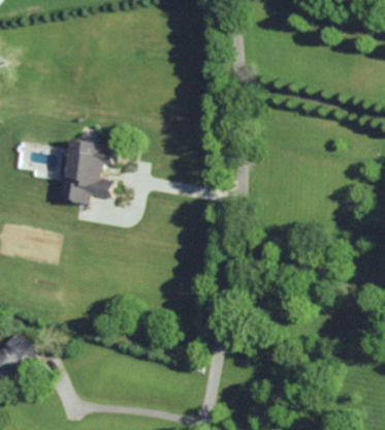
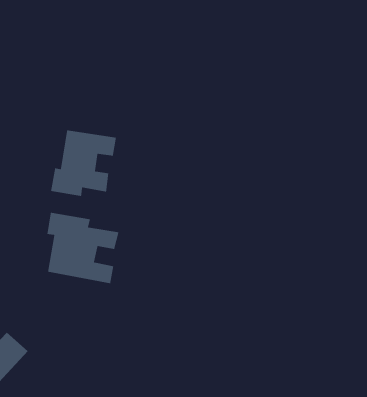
building: none -> [47,212,120,284]

